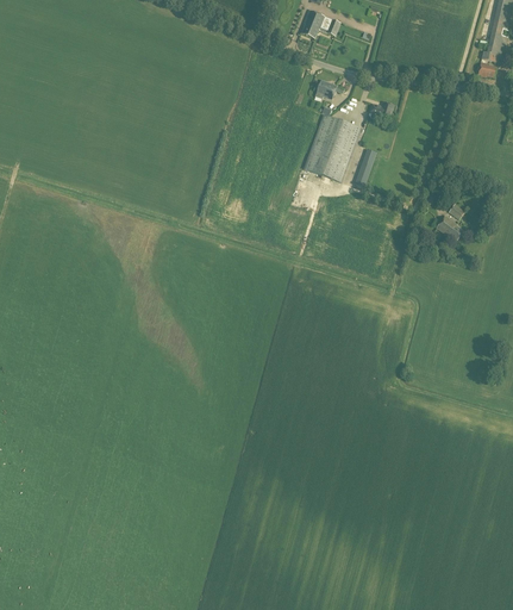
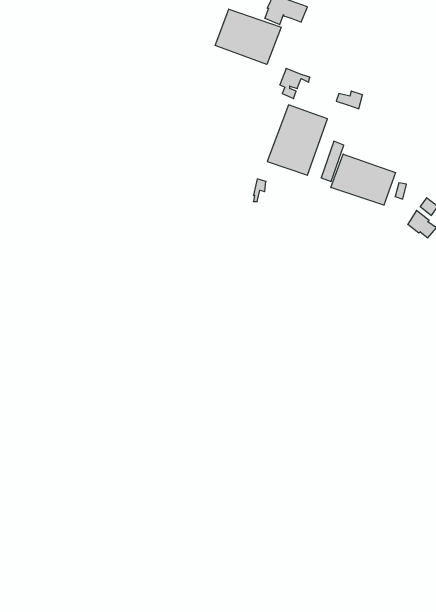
building: none -> [215,9,281,64]
building: none -> [331,154,396,205]

